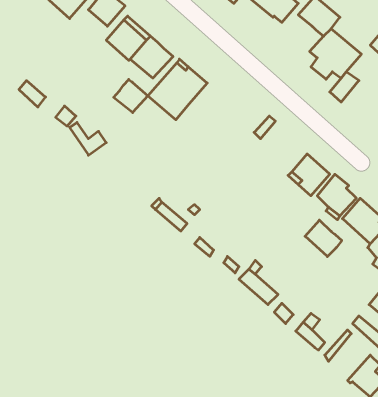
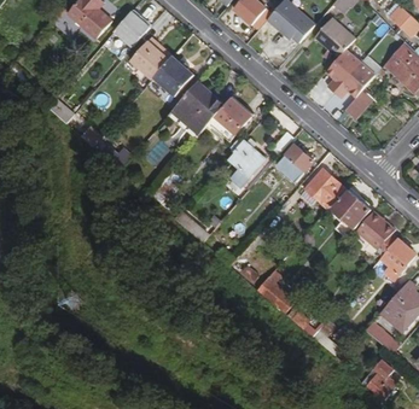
building: none -> [210,93,255,139]
building: [114,79,148,113] -> none
building: none -> [228,140,266,187]
building: none -> [275,145,314,183]
building: [305,220,342,257] -> none

